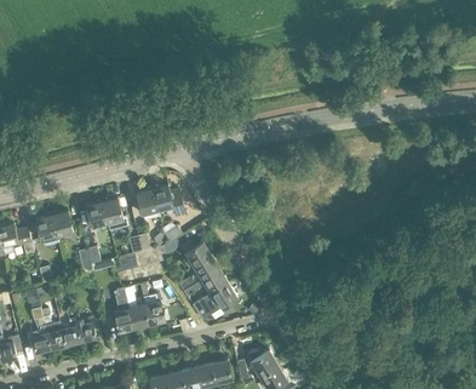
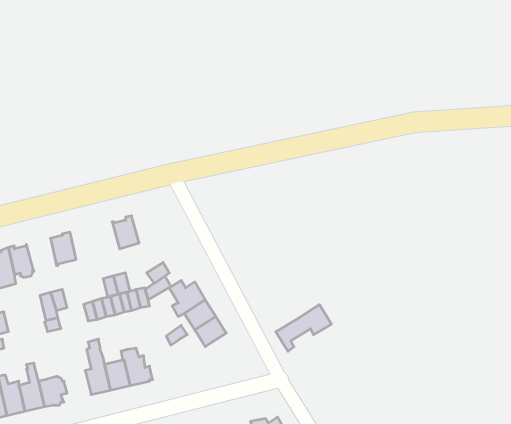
building: [150,184,184,214] -> none
building: [101,198,127,231] -> none
building: [191,282,236,320] -> [276,305,331,351]

